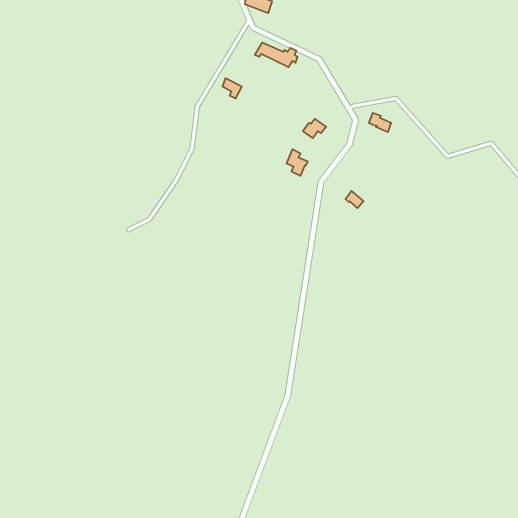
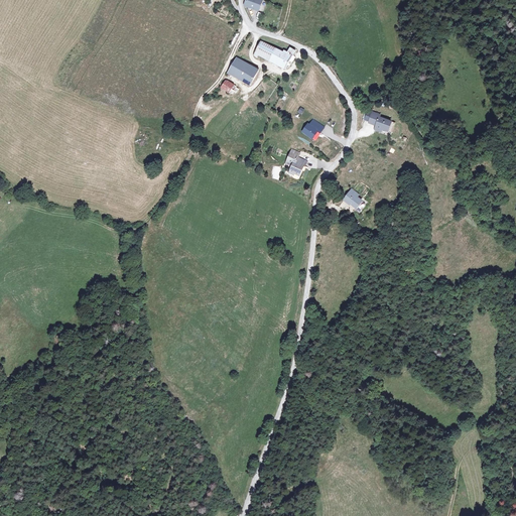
building: none -> [229,56,256,83]

